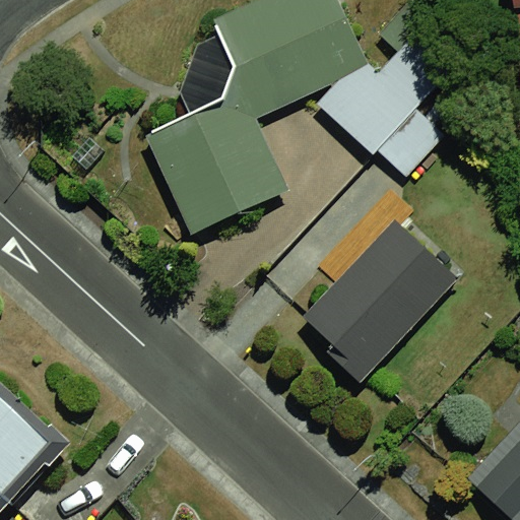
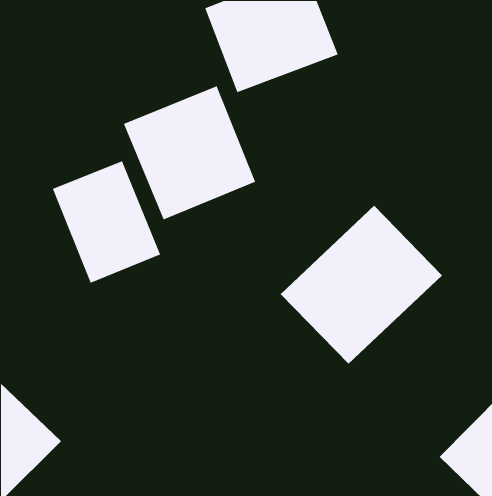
building: [334,40,464,171] -> none
building: none -> [52,160,161,284]

